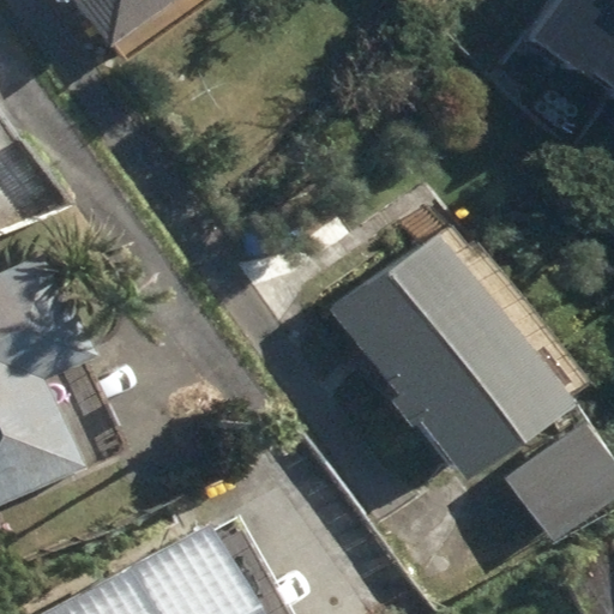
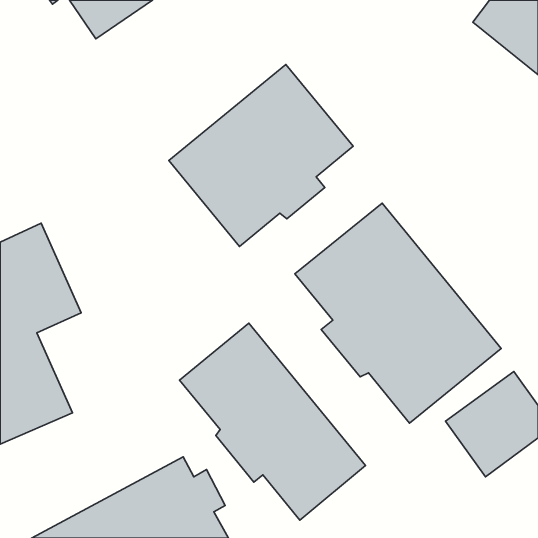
building: none -> [169,65,353,247]
building: none -> [179,323,366,520]

